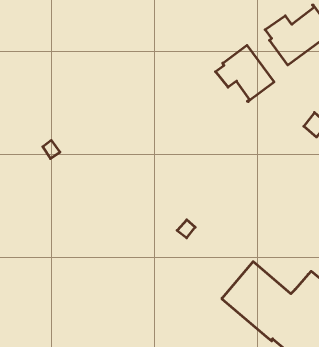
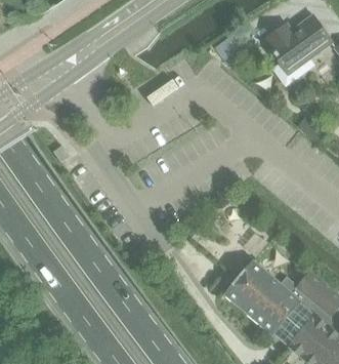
building: [215,45,274,102] -> none

